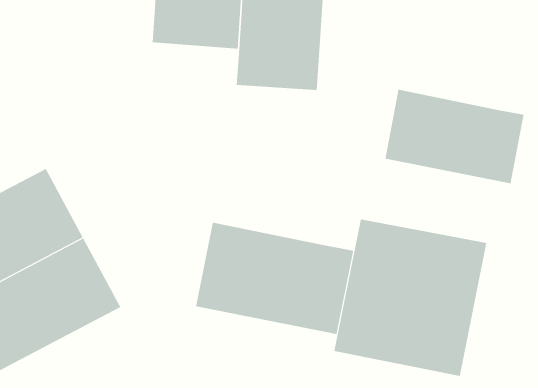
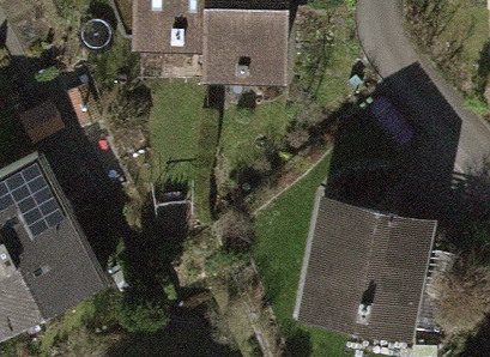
building: [385,89,524,184] -> none
building: [196,222,354,335] -> none

